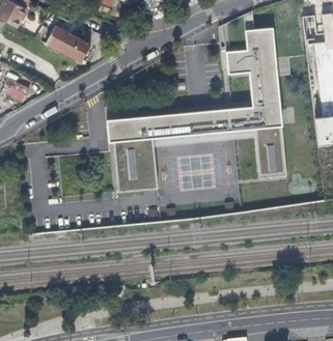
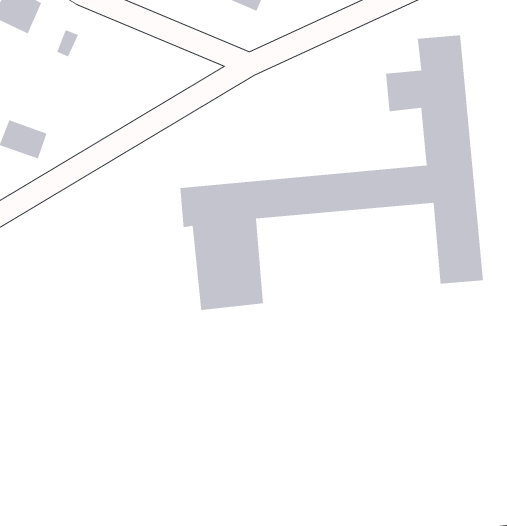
building: [45,23,91,61] -> none

